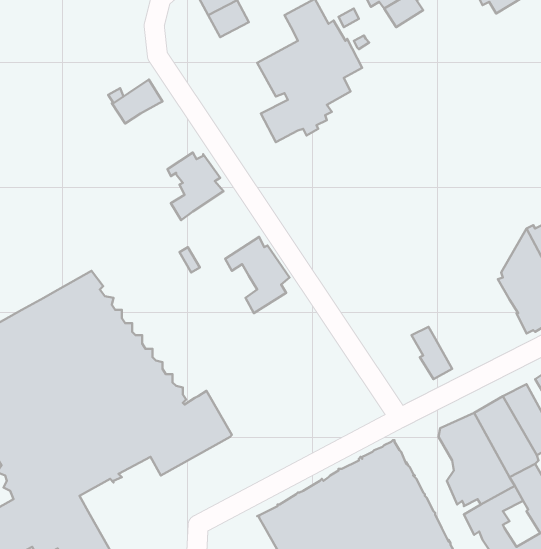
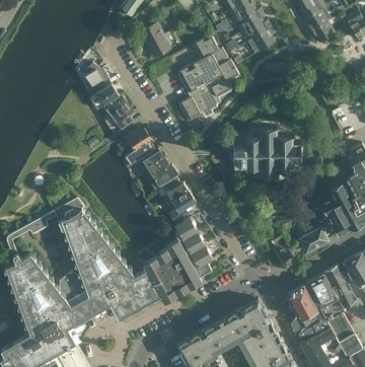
building: none -> [85,63,111,91]
building: none -> [106,97,134,131]
building: none -> [233,129,301,177]
building: none -> [138,149,178,190]
building: none -> [142,218,213,302]
building: none -> [299,218,328,252]

